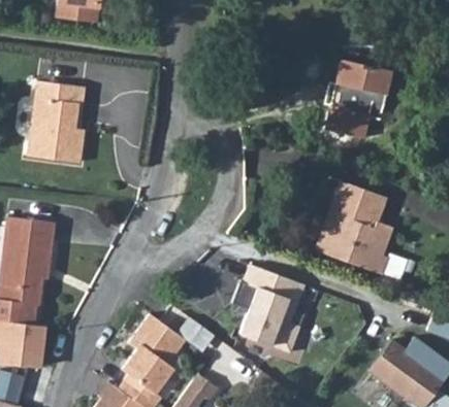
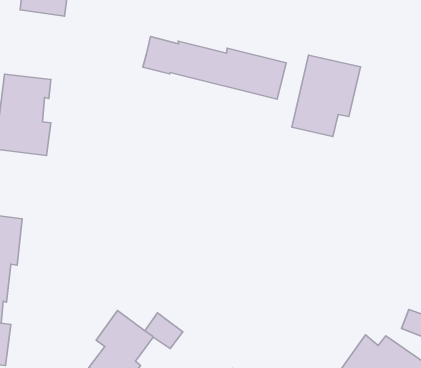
building: none -> [143,36,286,99]
building: [313,178,390,267] -> none
building: [236,264,303,353] -> none

